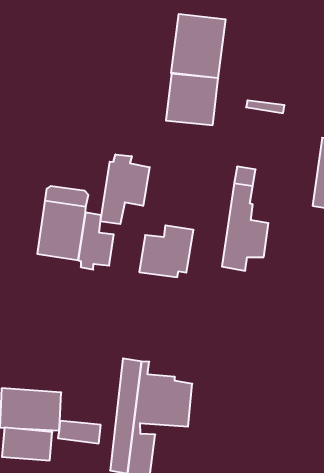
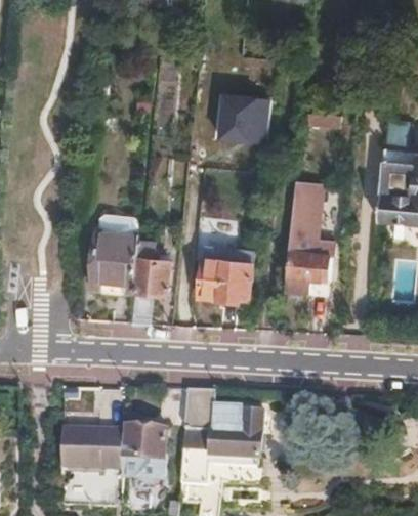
building: [171,14,226,78] -> none
building: [100,154,150,224] -> none
building: none -> [124,424,168,460]

